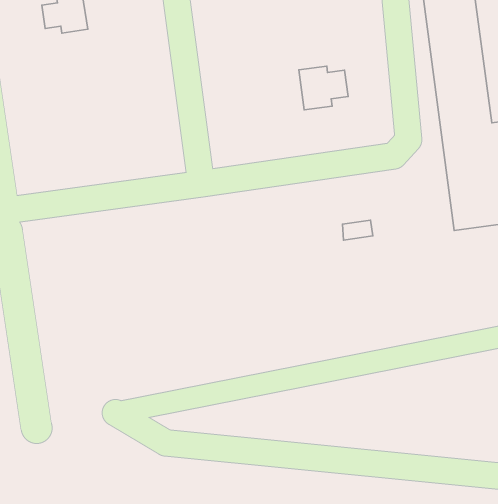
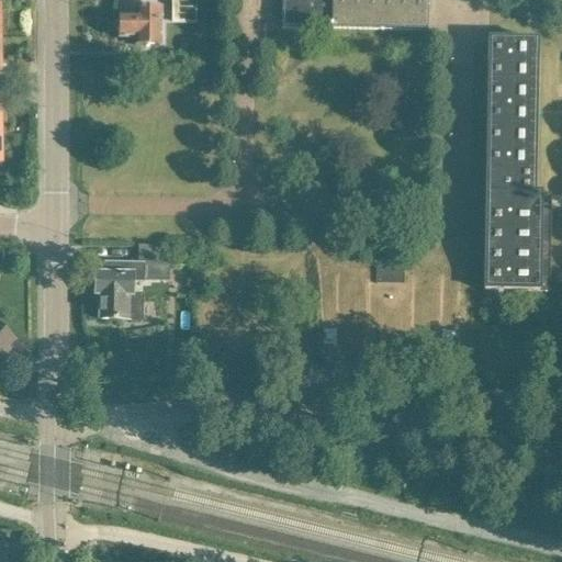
building: [299,66,348,110] -> none
building: none -> [95,241,155,316]

